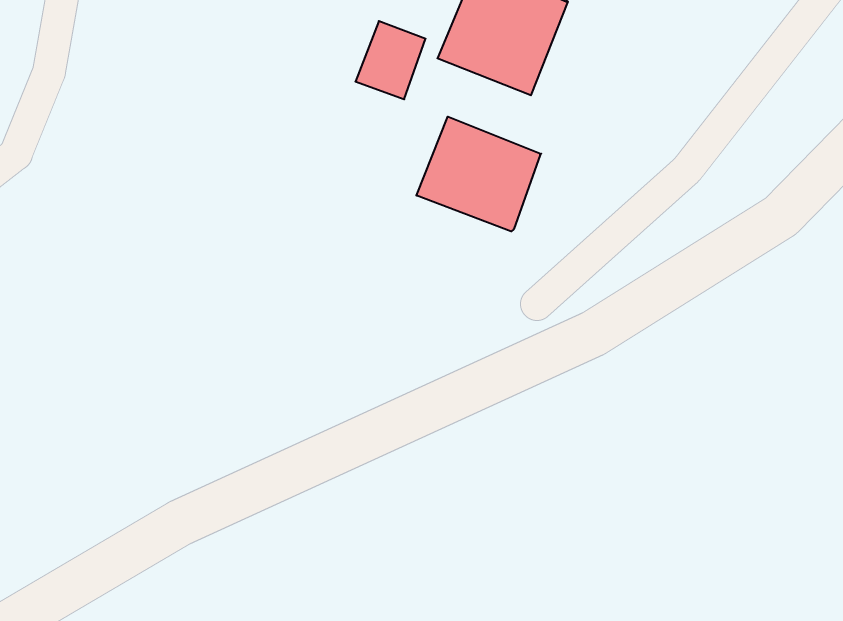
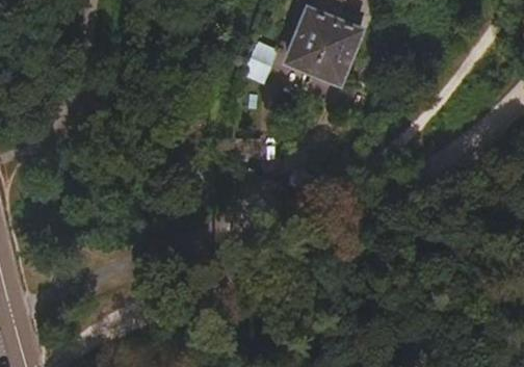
building: [416,117,541,231] -> none

